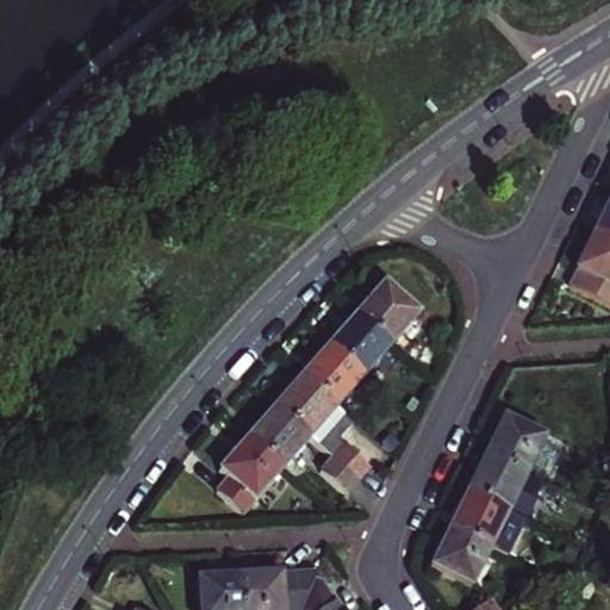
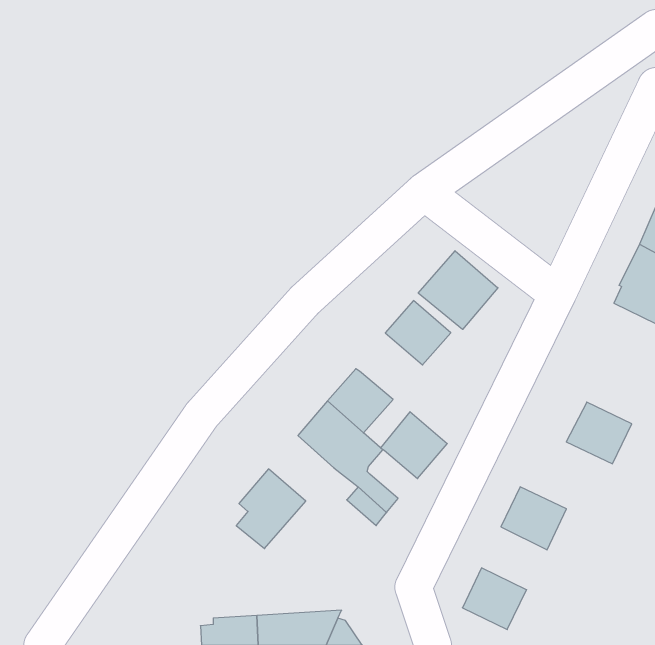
building: none -> [418,251,498,329]
building: [331,309,393,371] -> [380,412,447,479]
building: [250,404,311,465] -> none
building: [484,415,544,472] -> [566,402,632,464]
building: [448,488,528,556] -> none

